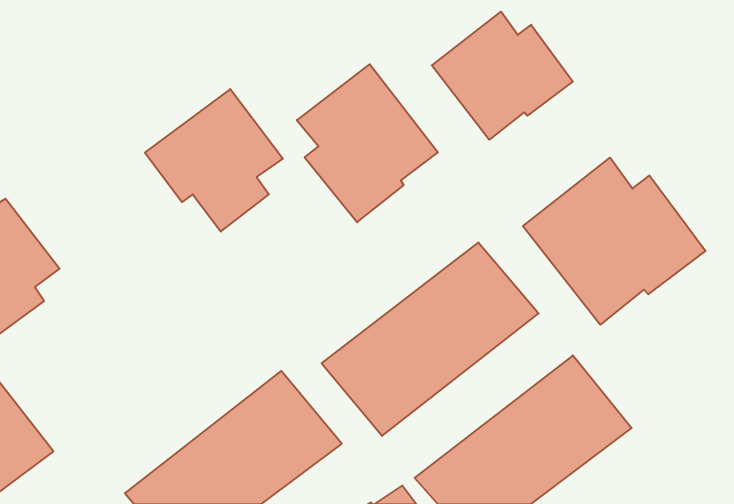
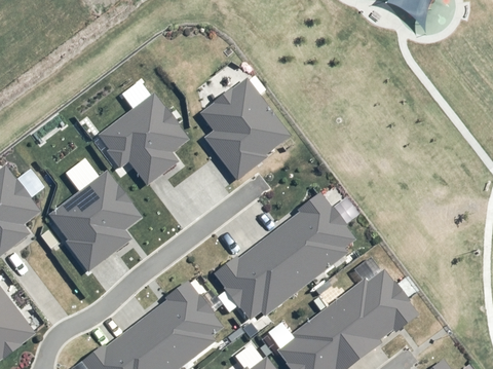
building: [432,12,573,140] -> none
building: [523,158,706,325] -> none
building: none -> [48,171,141,271]

